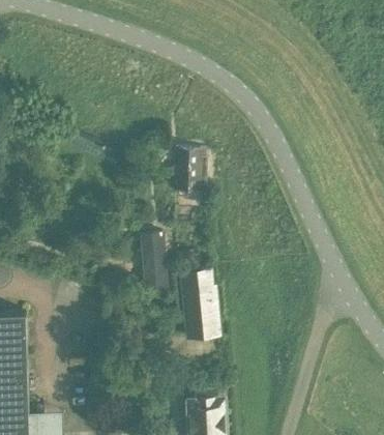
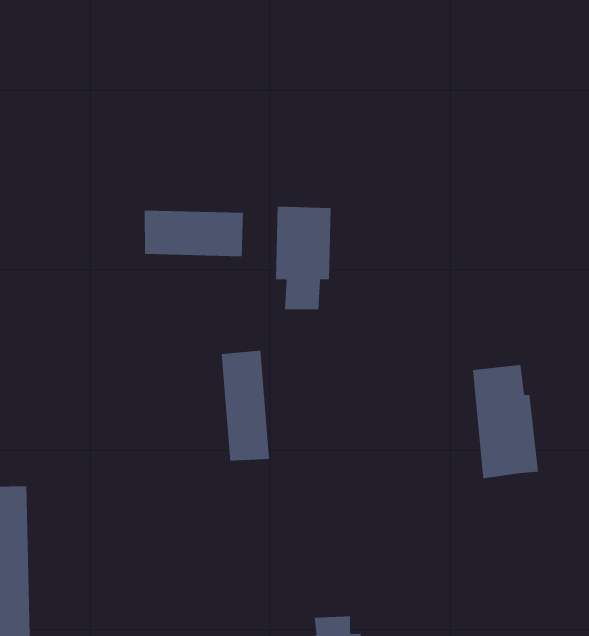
building: none -> [144,210,244,257]
building: [181,271,220,339] -> [472,365,539,479]

